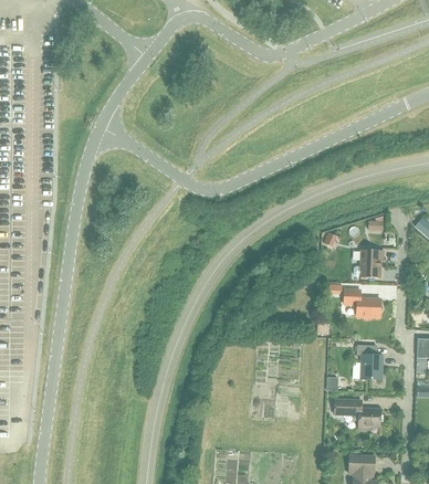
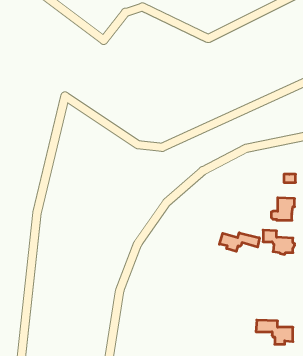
building: none -> [219,233,259,251]
building: [356,346,381,380] -> none

